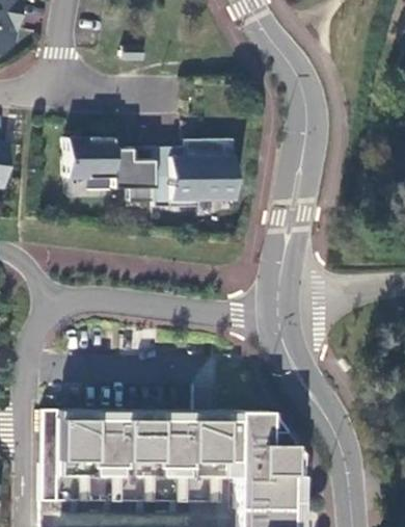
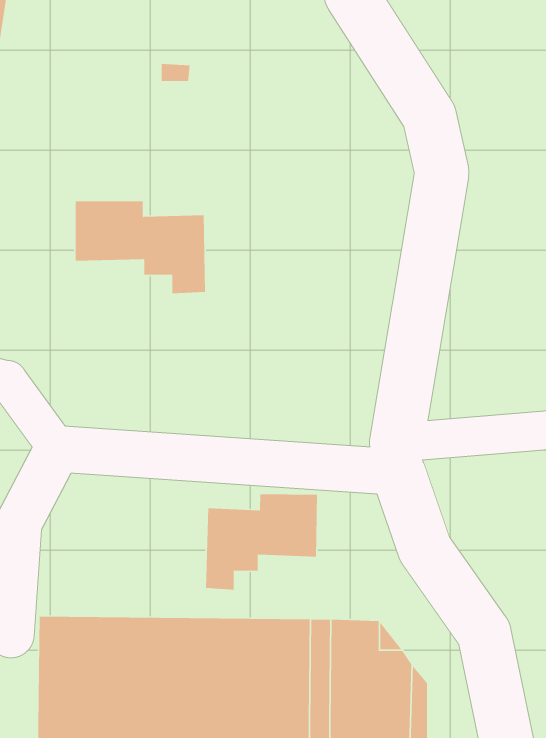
building: [152,137,233,206] -> none
building: none -> [205,494,318,591]

